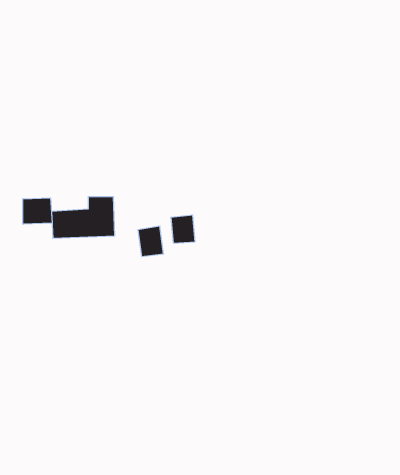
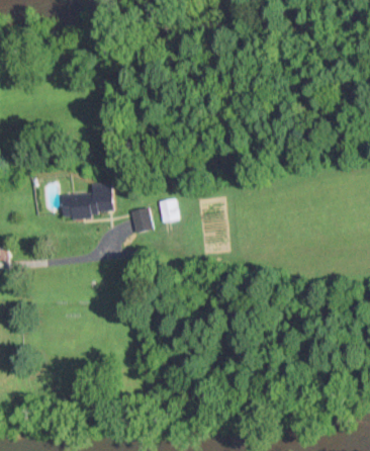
building: [23,198,52,224] -> none

